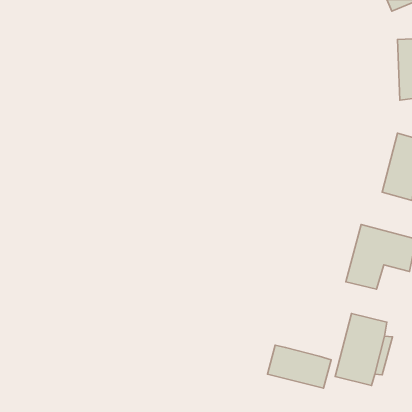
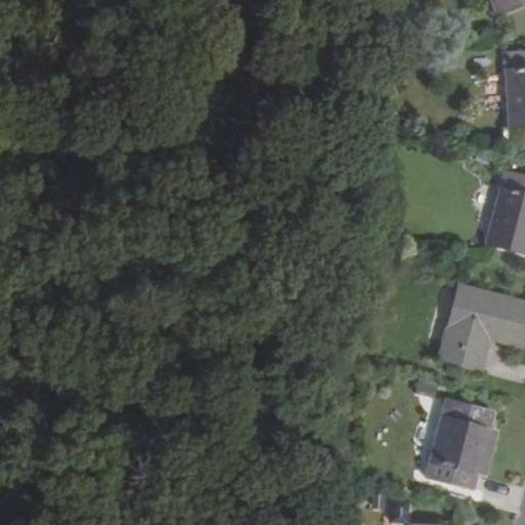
building: [267,345,331,388] -> none

